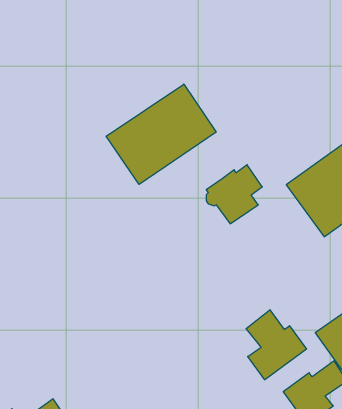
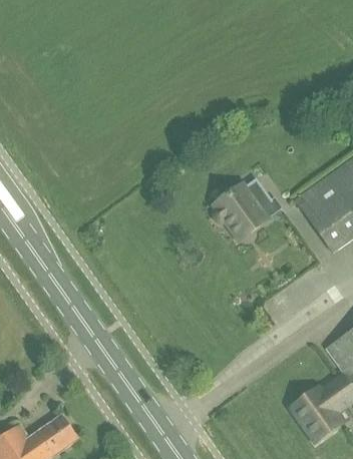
building: [106,84,216,184] -> none
building: [246,310,307,380] -> none

